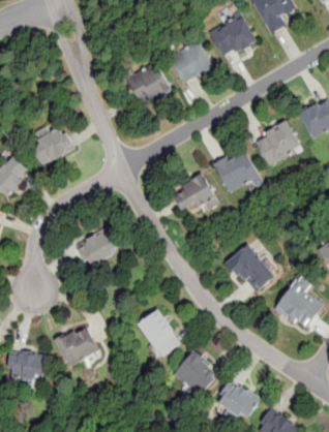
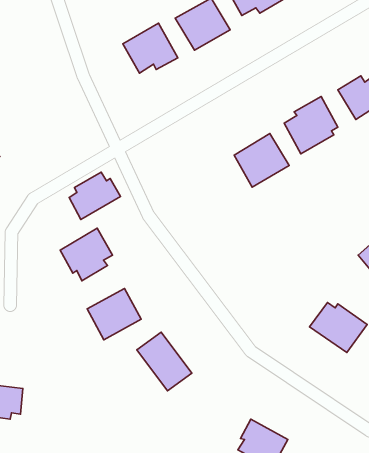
building: [32,127,73,165] -> [69,172,121,219]
building: [175,173,215,211] -> none
building: [228,244,274,292] -> none
building: [55,327,98,368] -> [87,288,141,340]
building: [174,351,218,396] -> none

